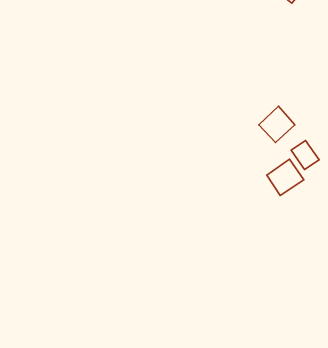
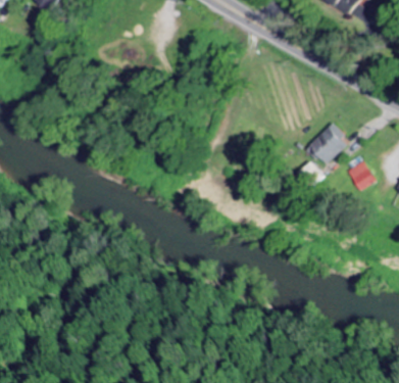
building: [267,159,304,196] -> none

